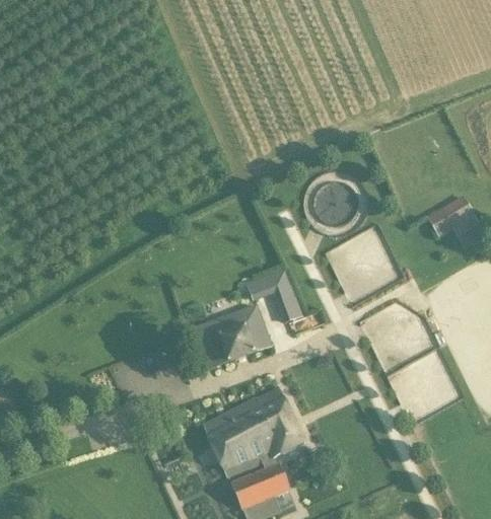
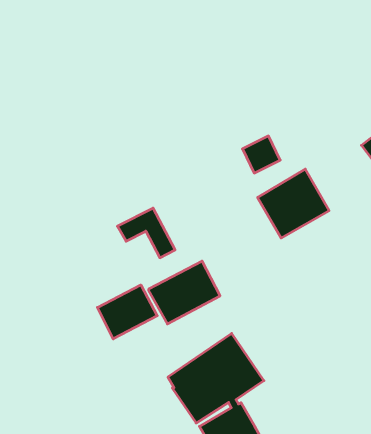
building: [246,267,303,320] -> [117,208,175,258]
building: none -> [97,285,157,339]

